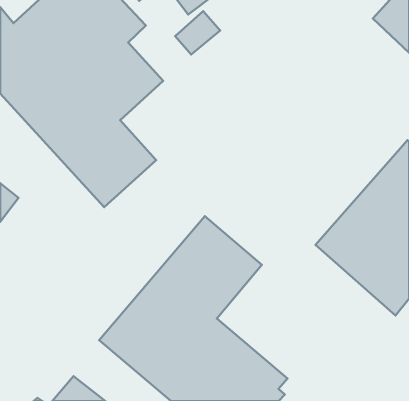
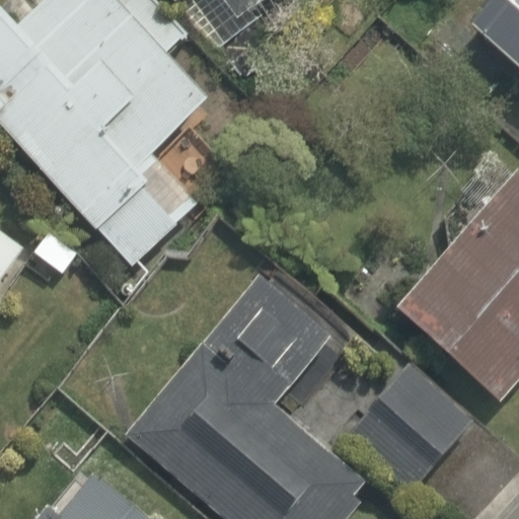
building: none -> [349,365,472,490]

